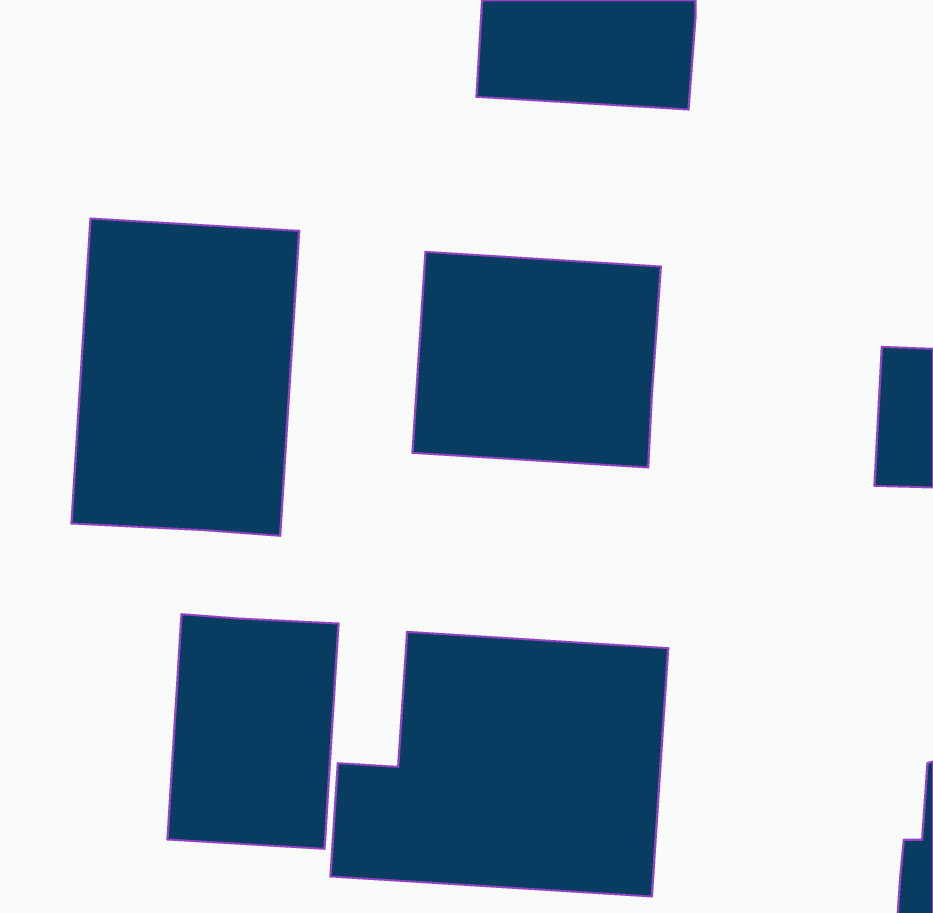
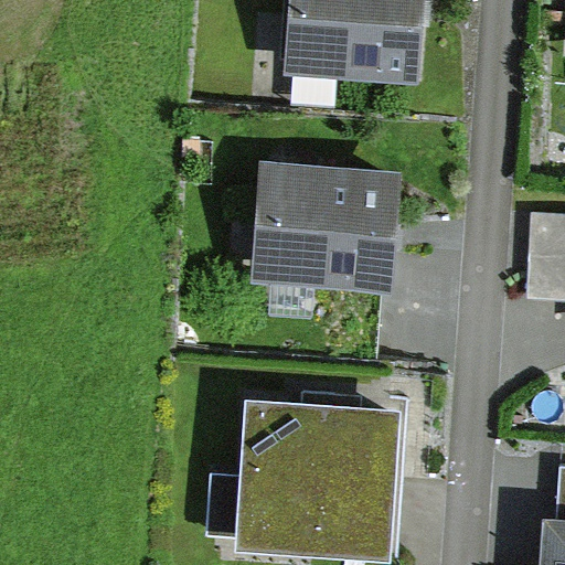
building: [71,218,299,536] -> none
building: [168,614,339,849] -> none

